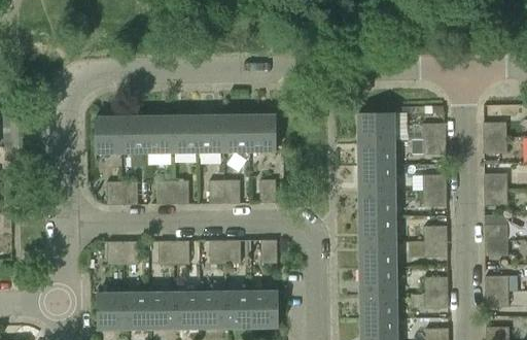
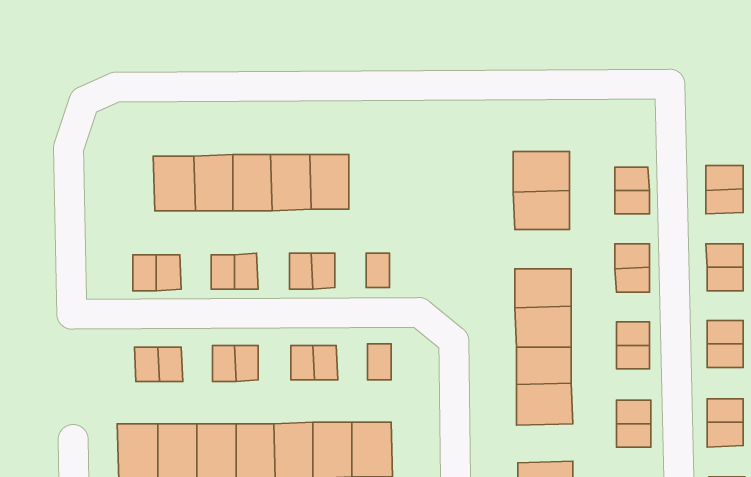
building: [249,114,276,151] -> none
building: [96,116,121,152] -> none
building: [358,165,395,191] -> none
building: [359,293,396,318] -> none

